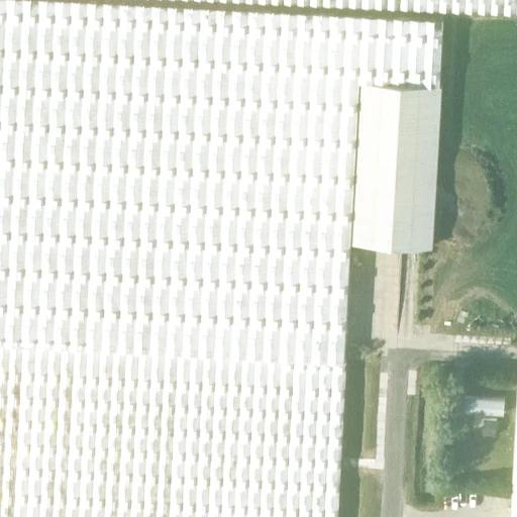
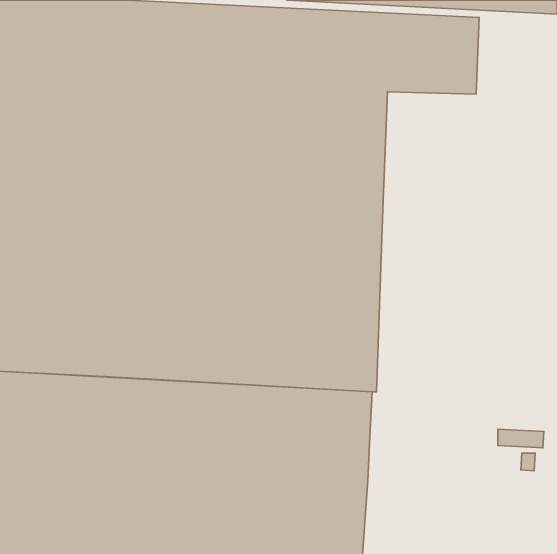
building: [351,90,439,253] -> none

